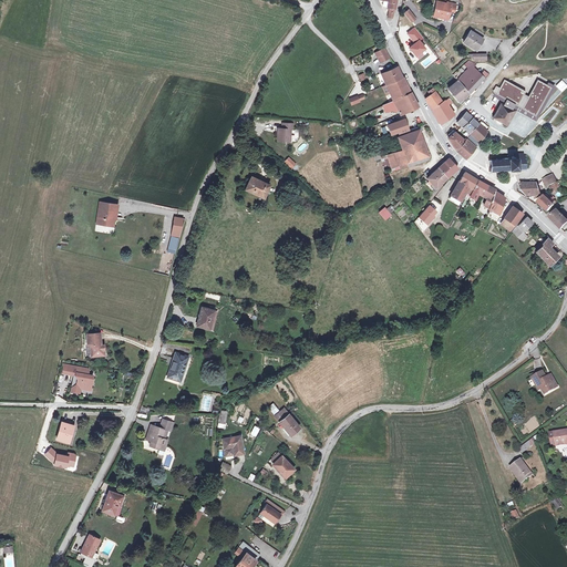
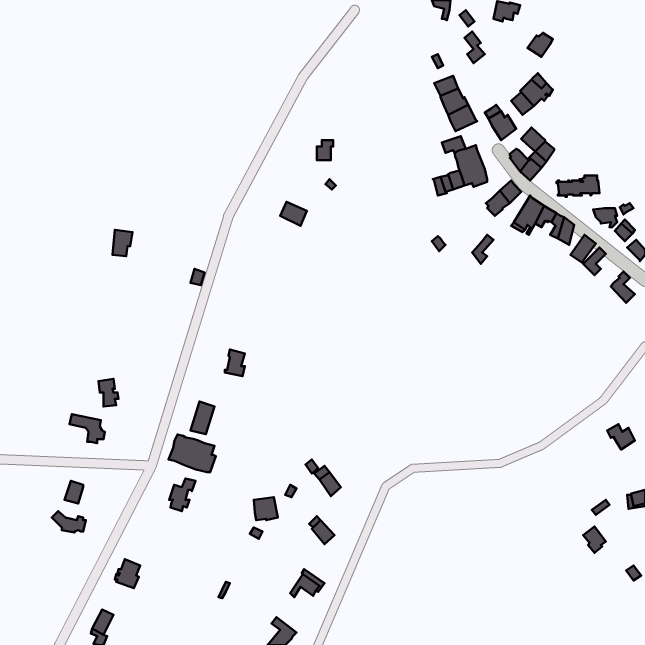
building: [493,80,551,125] -> none
building: none -> [169,435,216,472]

